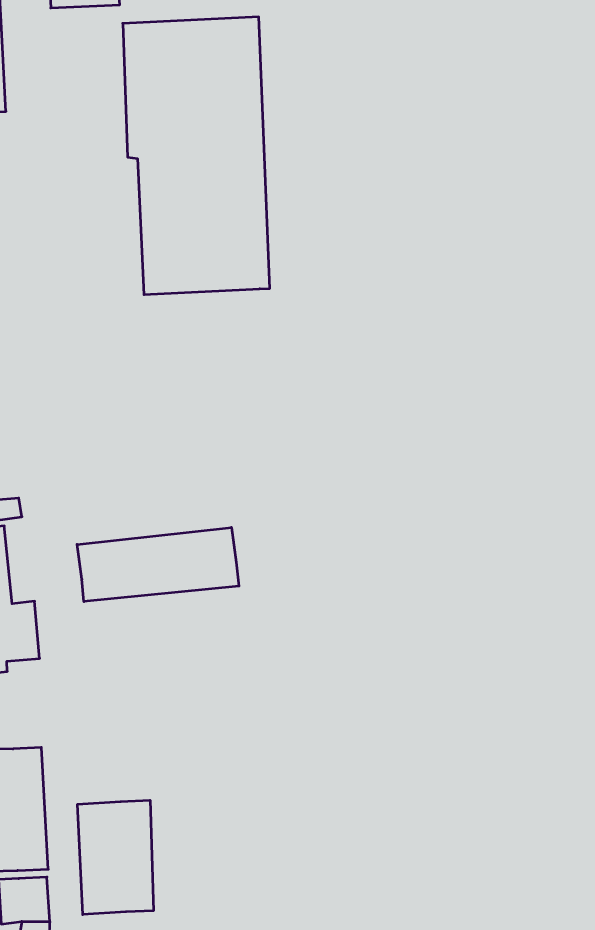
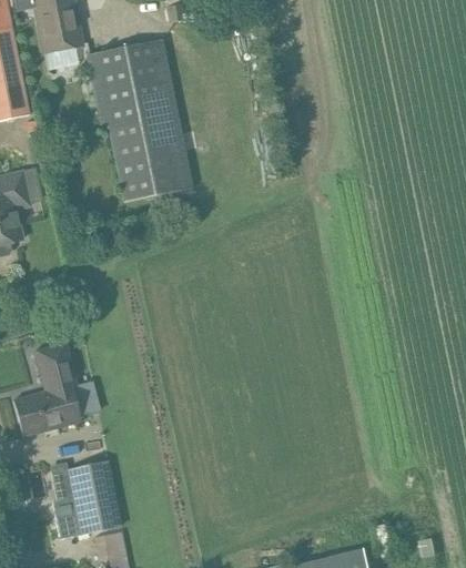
building: [77,527,239,602] -> none
building: [78,800,153,915] -> none

